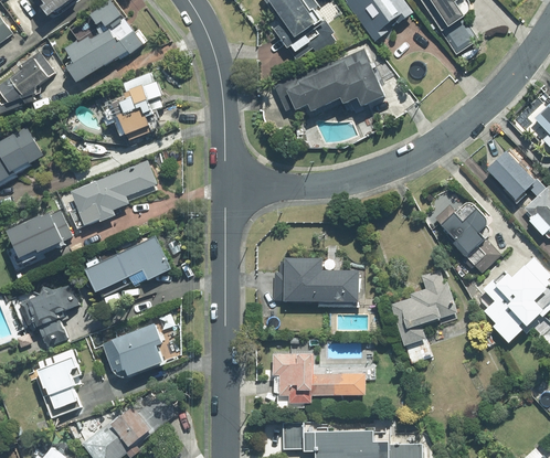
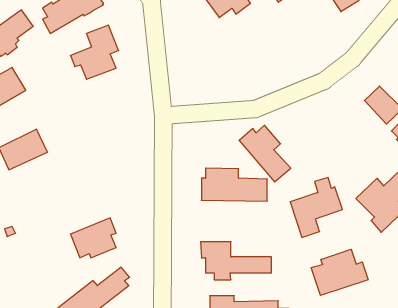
building: [275,49,387,113] -> none
building: [71,160,157,225] -> none
building: [434,200,501,274] -> [239,125,291,182]
building: [86,236,171,292] -> none
building: [21,284,80,348] -> none
building: [36,350,80,418] -> none
building: none -> [311,249,368,295]

